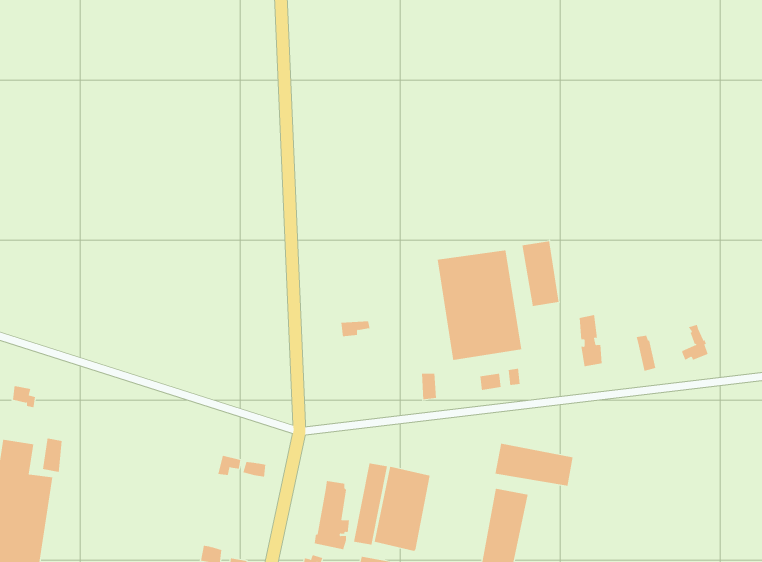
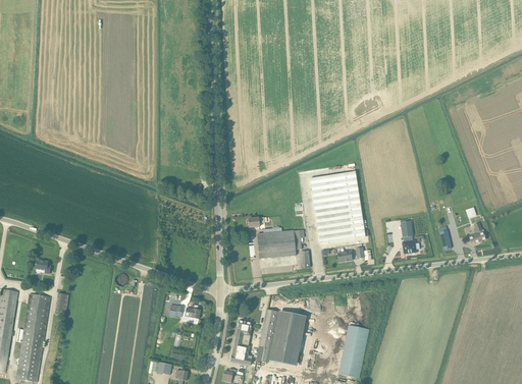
building: [522,240,559,307] -> none
building: none -> [256,227,301,259]
building: [495,443,573,487] -> none

